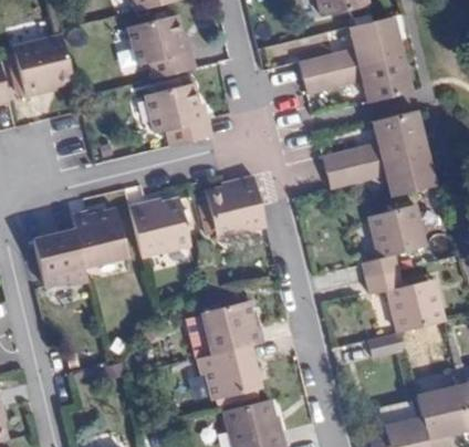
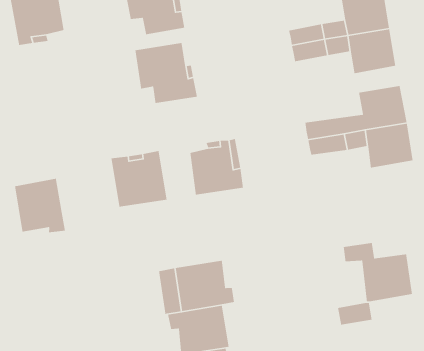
building: [364,207,425,278] -> none
building: [71,208,124,263] -> none

